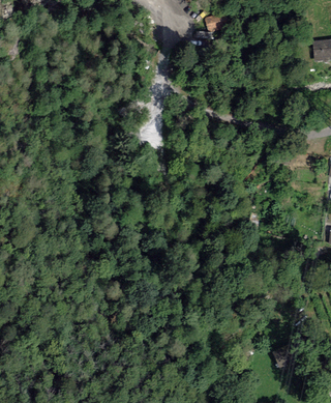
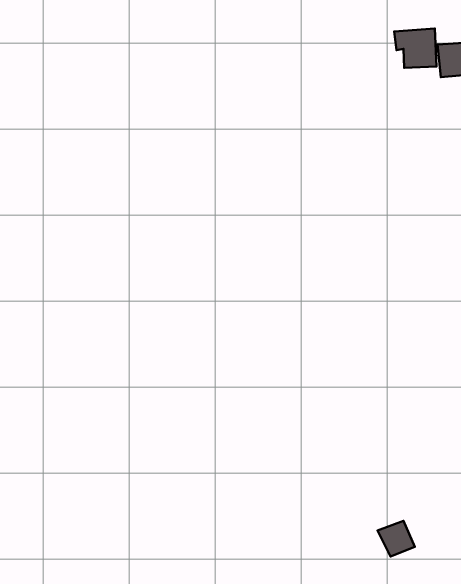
building: none -> [394,29,436,68]

